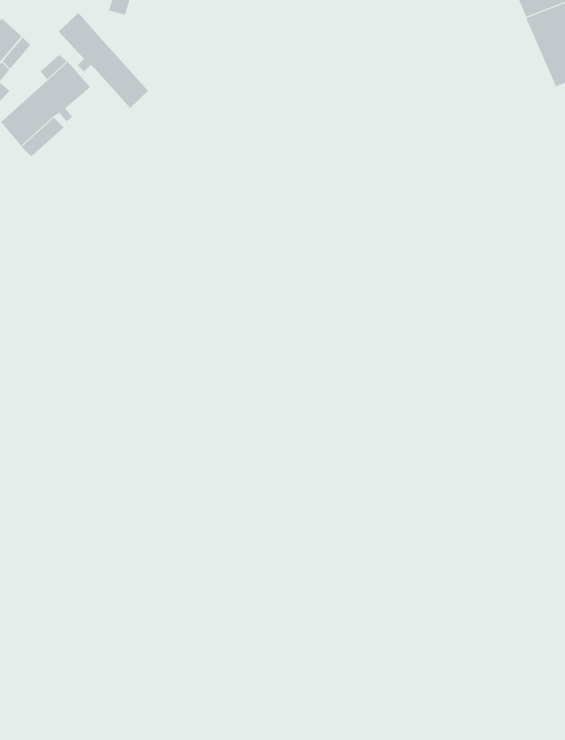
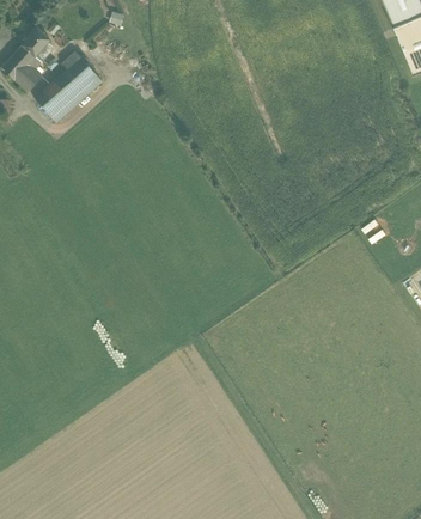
building: [58,12,149,109] -> none

